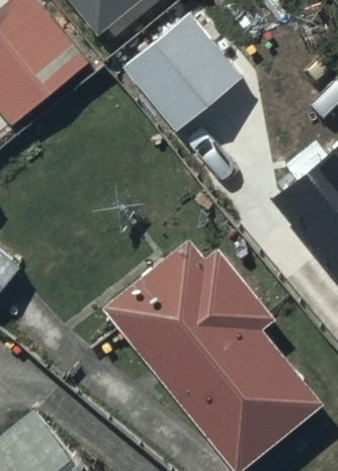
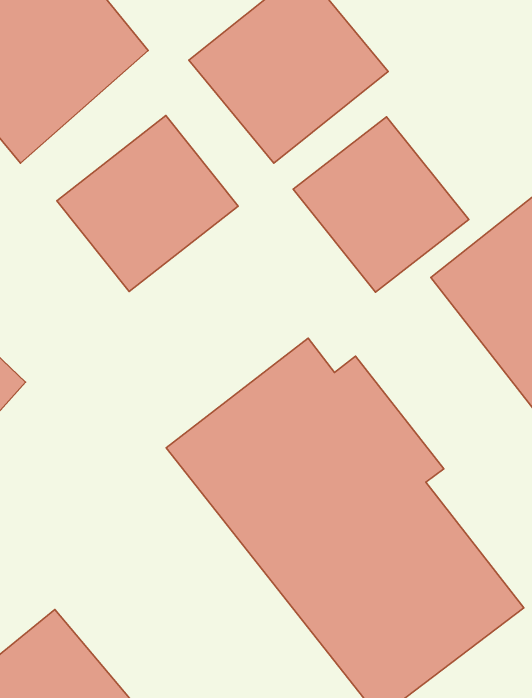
building: none -> [57,116,238,291]
building: none -> [293,117,469,292]

